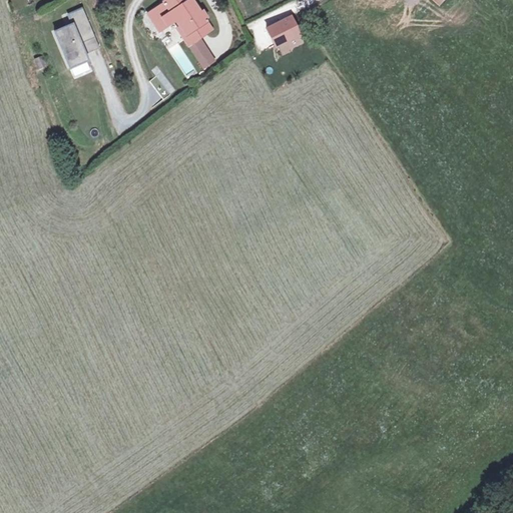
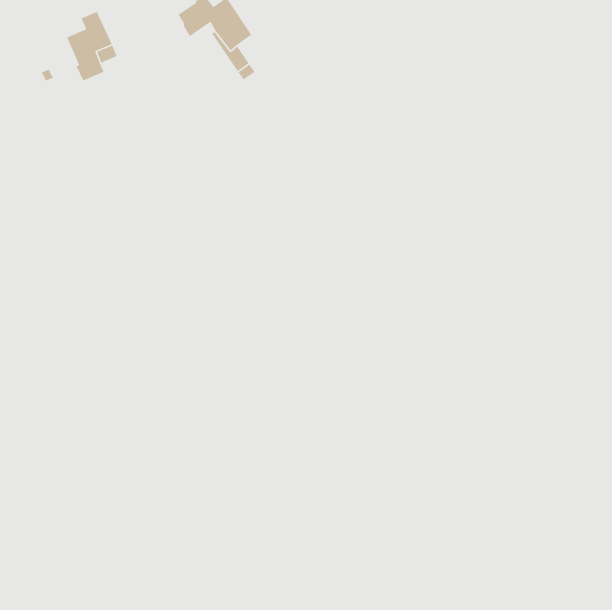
building: [266,15,299,45] -> none

